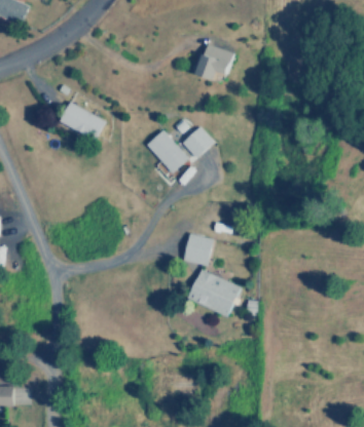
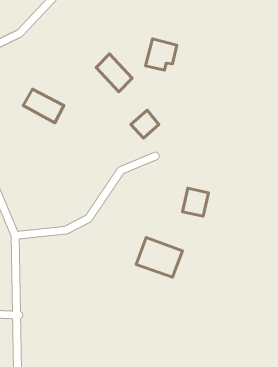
building: [146,129,187,172] -> [96,54,132,92]
building: [183,233,213,265] -> [182,188,209,216]

